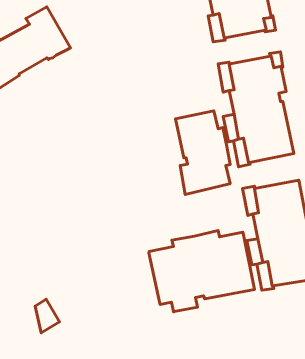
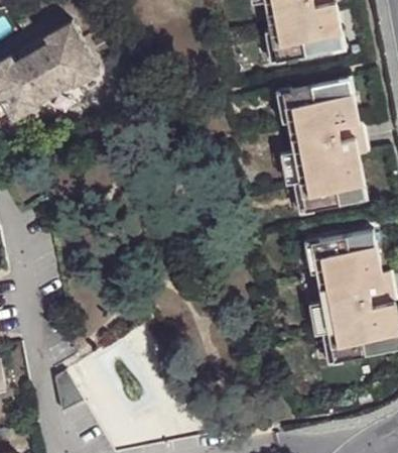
building: [175,111,230,194] -> none
building: [149,230,255,312] -> none

